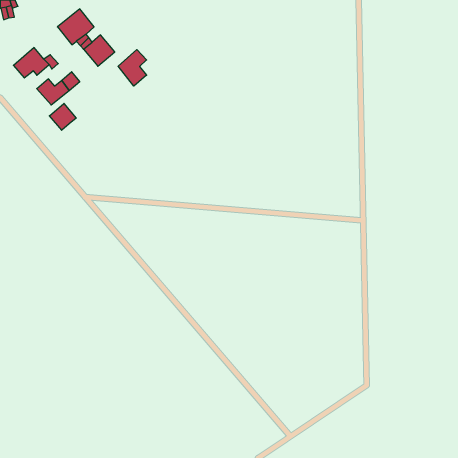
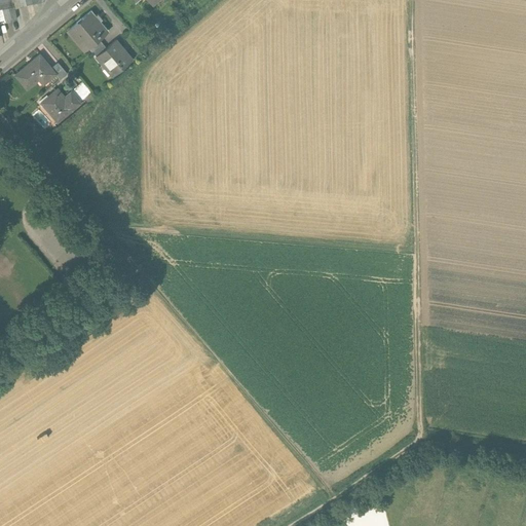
building: [118,50,147,86] -> none
building: [49,103,76,130] -> none

